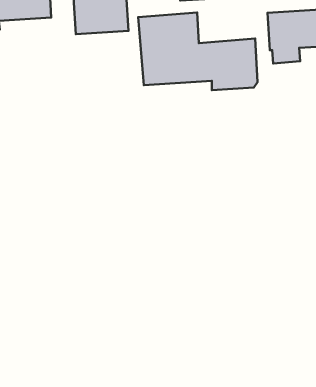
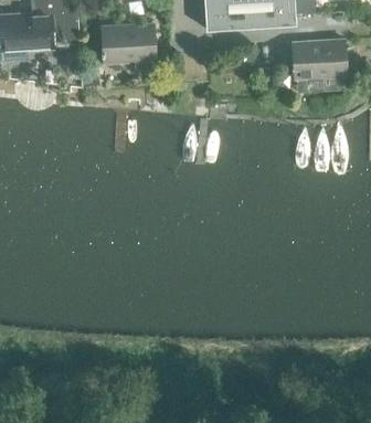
building: [138,12,257,90] -> none

